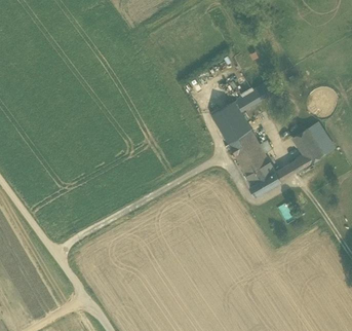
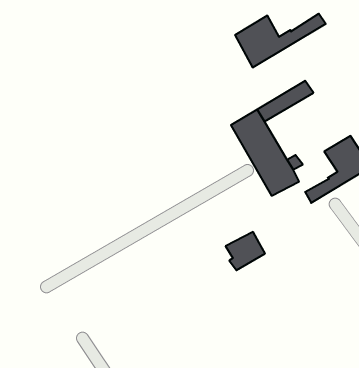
building: none -> [235,14,326,68]
building: [245,161,279,194] -> [226,232,265,270]

